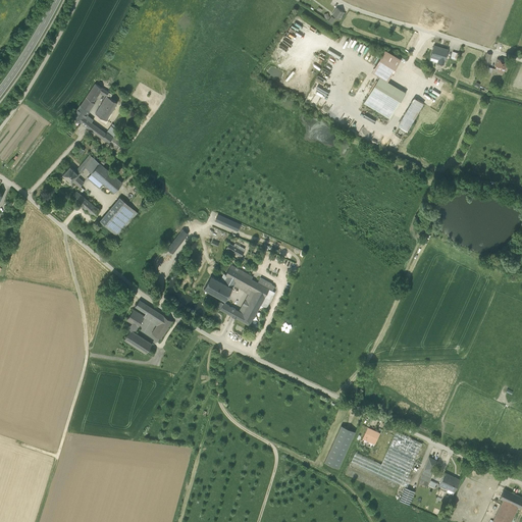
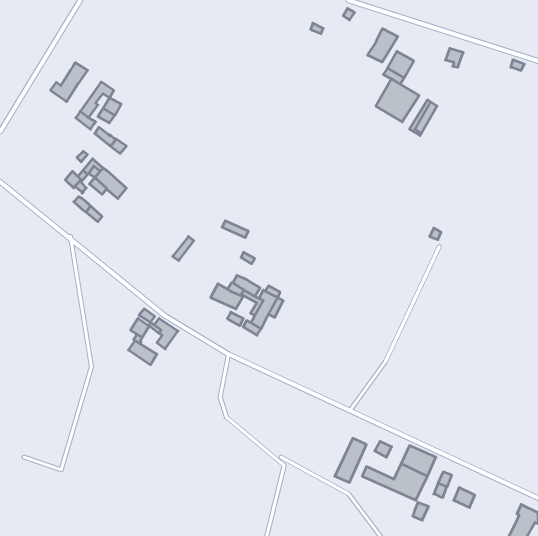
building: none -> [368,29,398,62]
building: none -> [51,63,88,102]
building: [100,198,138,237] -> none

